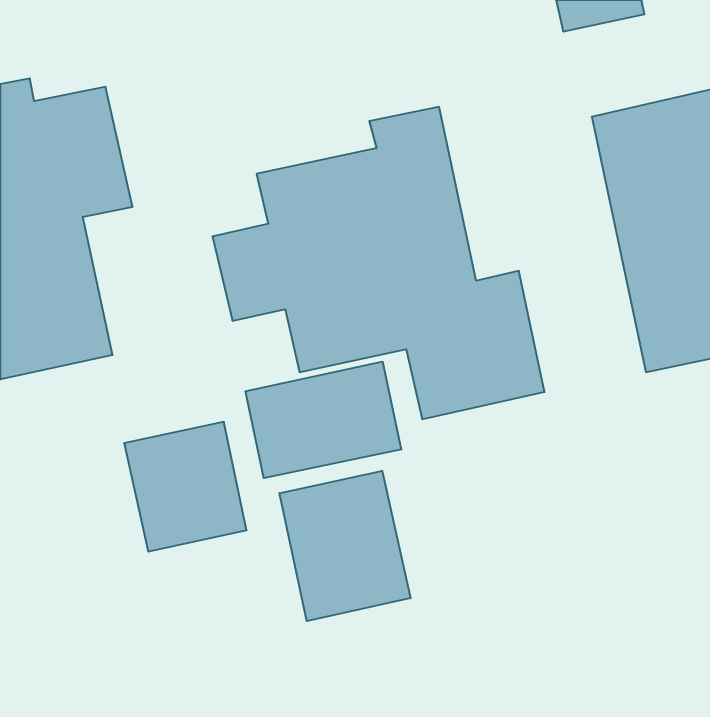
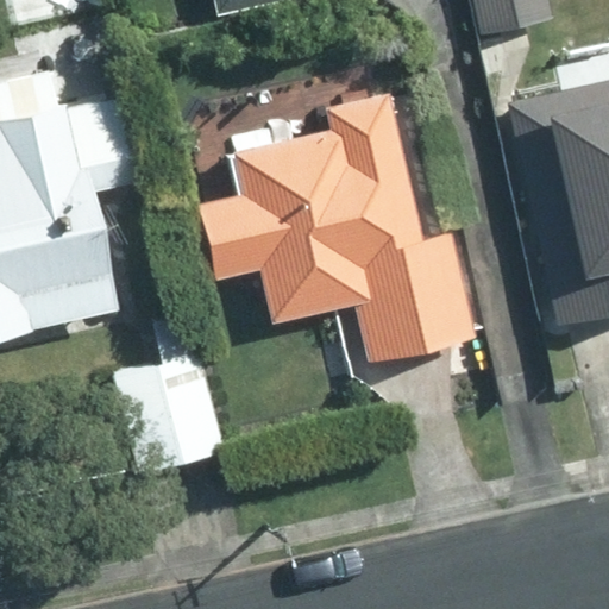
building: [246,362,401,478] -> none
building: [279,471,411,621] -> none

